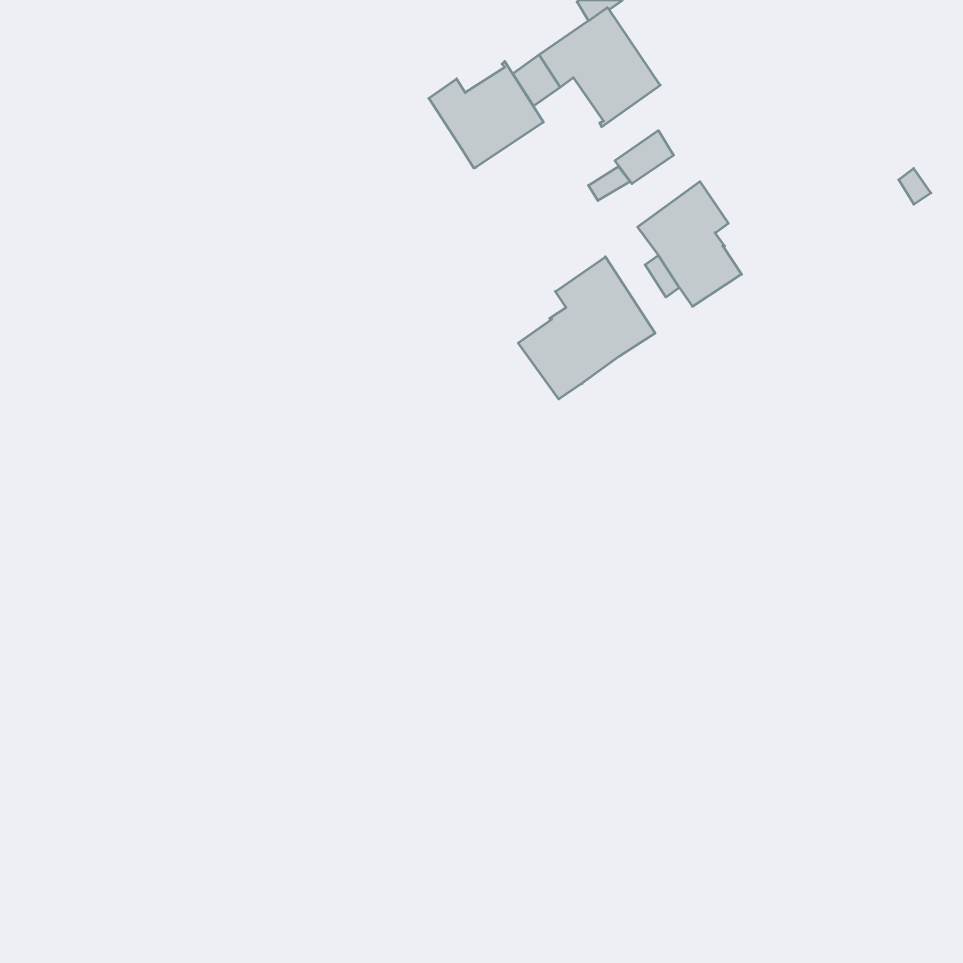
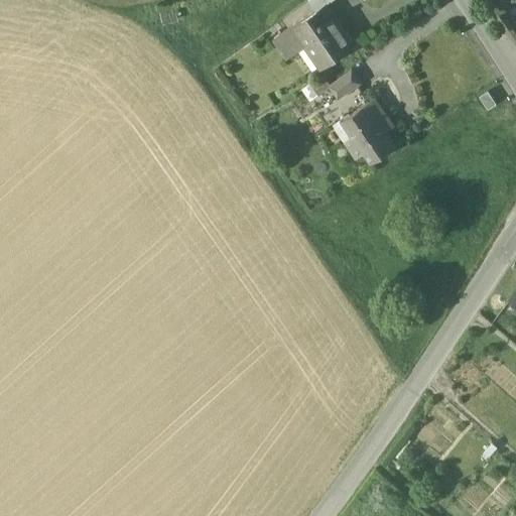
building: [429,61,543,168] -> none
building: [518,257,655,399] -> none

